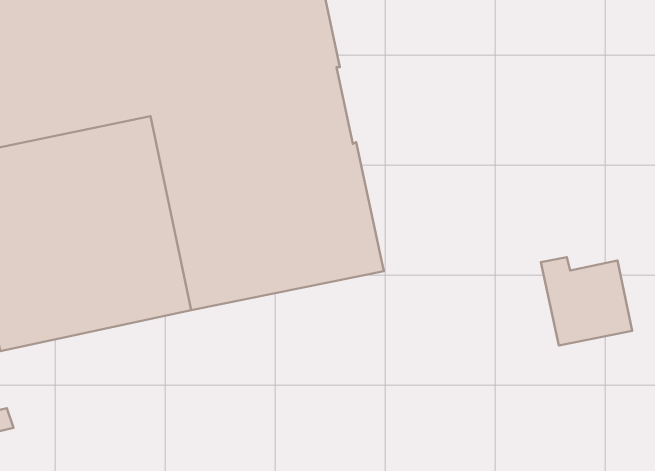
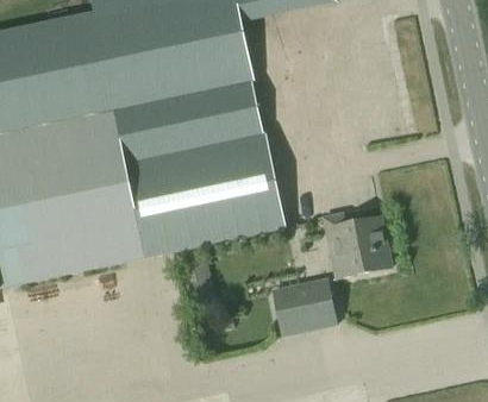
building: [541,257,632,345] -> [323,213,389,277]
building: none -> [271,278,336,334]

